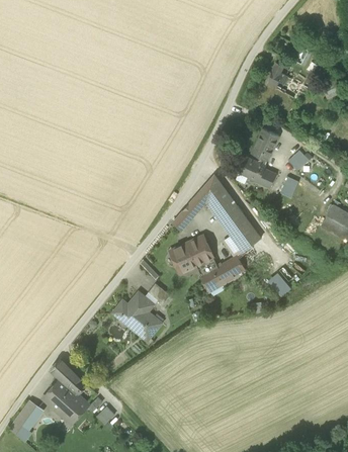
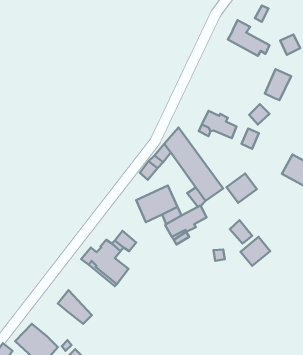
building: [252,128,279,161] -> [265,69,291,100]
building: none -> [227,174,257,203]
building: none -> [240,237,270,266]
building: [51,358,86,393] -> [58,290,92,324]

